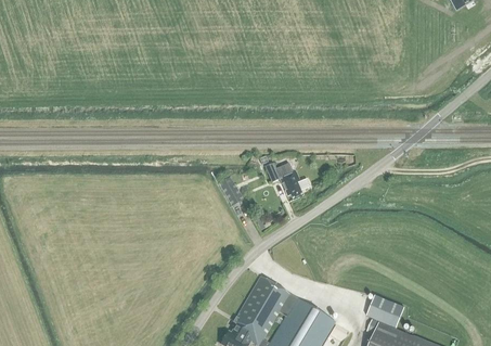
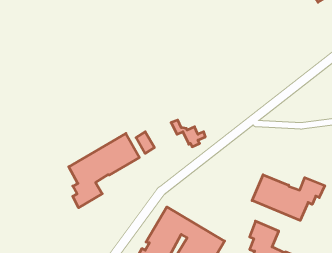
building: none -> [69,133,139,208]
building: none -> [252,175,325,220]

